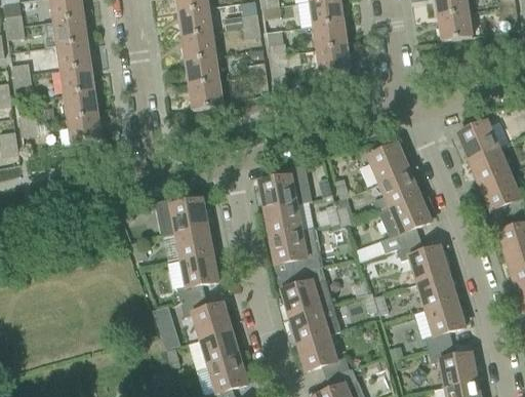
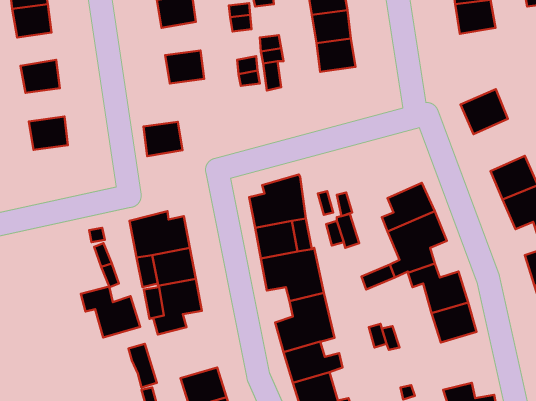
building: [183,31,216,59] -> none
building: [57,40,91,69] -> none
building: [190,80,224,110] -> [144,122,183,156]
building: [65,88,98,117] -> none
building: [456,121,497,160] -> [460,89,508,134]
building: [367,145,408,184] -> none
building: [179,295,231,340] -> [81,287,140,338]
building: [413,300,463,350] -> none

